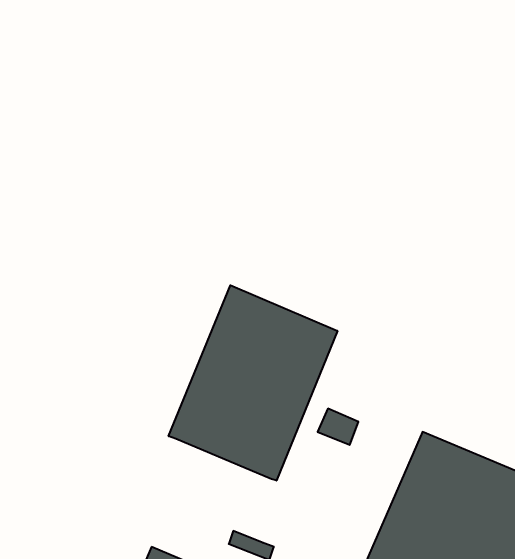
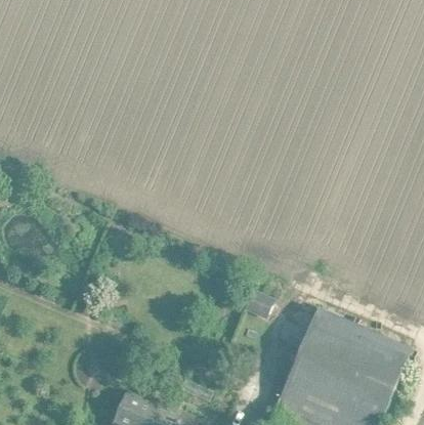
building: [169,285,337,481] -> none

